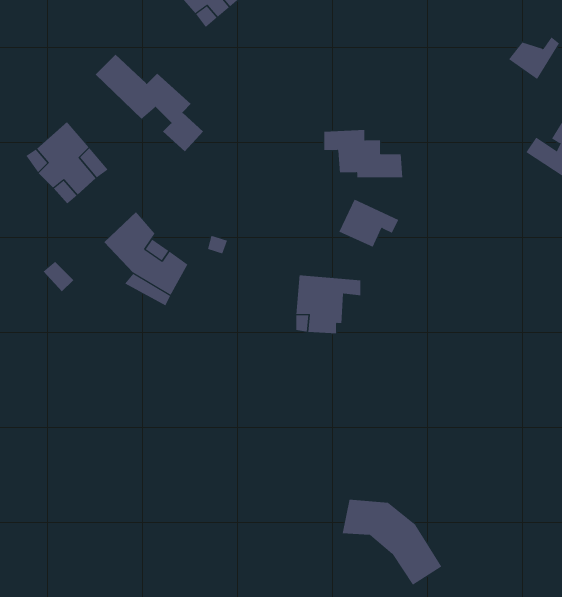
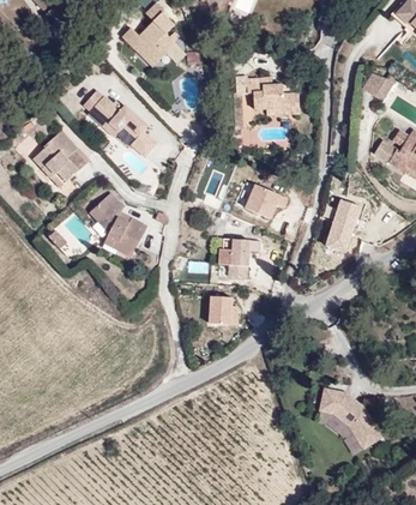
building: [324,130,403,178] -> [239,74,294,108]
building: none -> [327,202,362,254]
building: none -> [205,290,234,320]
building: [342,499,442,585] -> [319,392,388,452]

